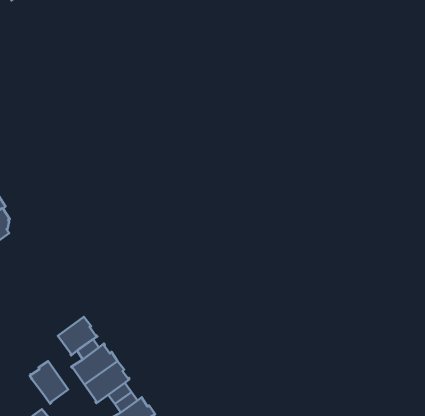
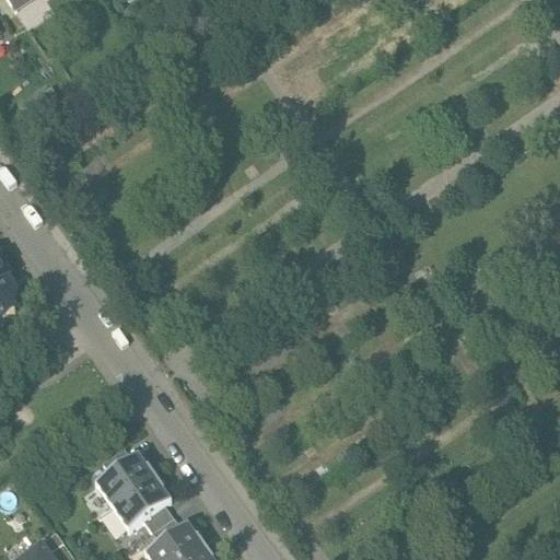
building: [58,317,97,355] -> none
building: [30,361,68,404] -> none

